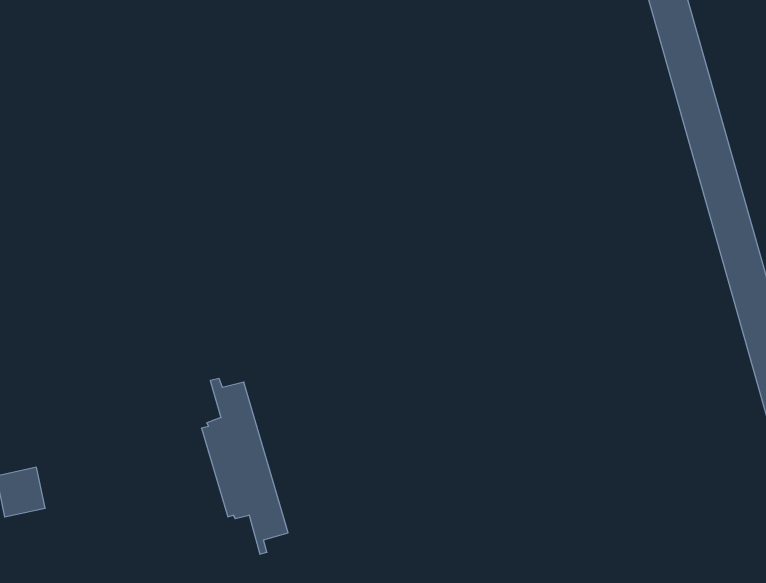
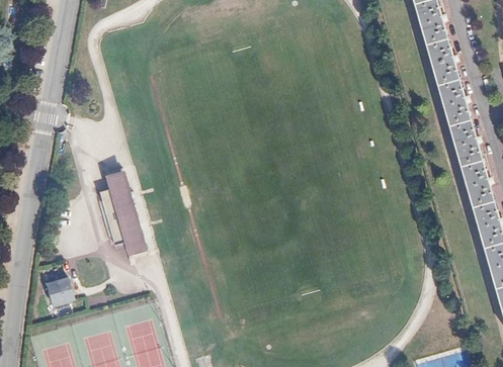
building: [201,379,288,554] -> [97,165,147,265]

